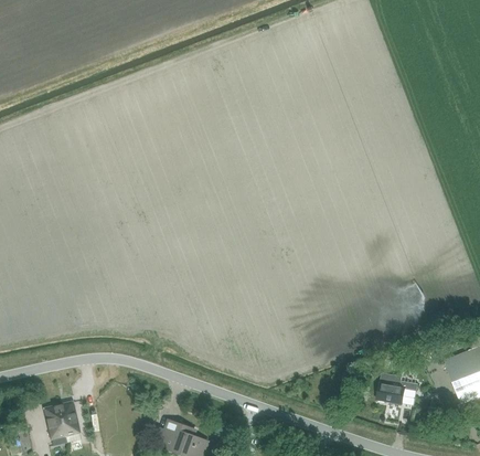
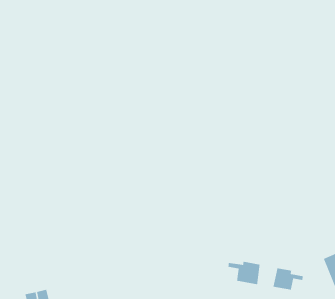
building: none -> [227,261,261,285]

